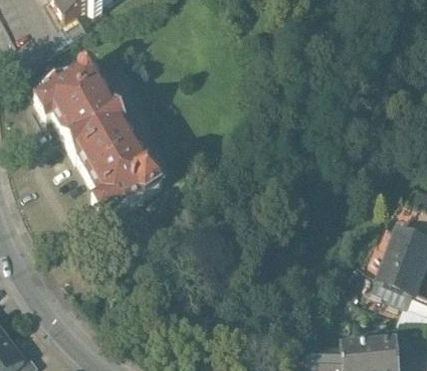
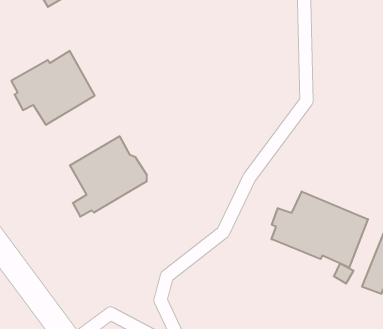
building: [65,109,137,176] -> none
building: none -> [271,191,368,268]

